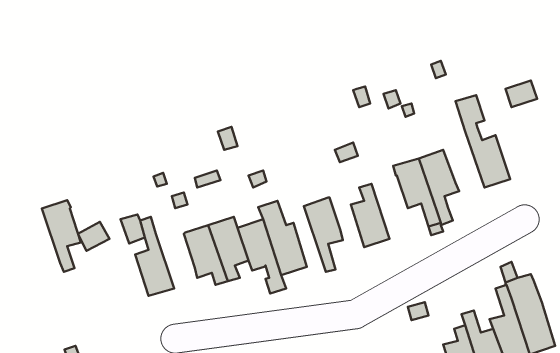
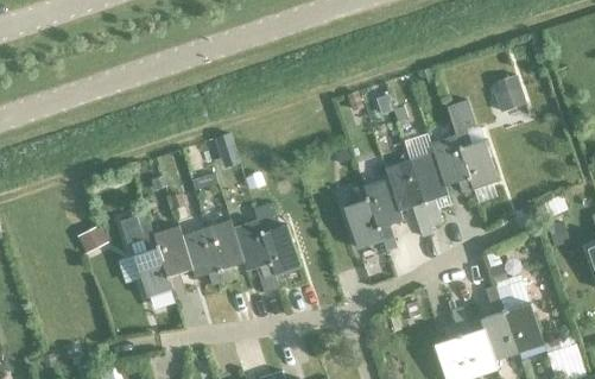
building: none -> [430,134,474,192]
building: [304,198,343,272] -> [363,177,401,249]
building: [42,200,81,272] -> [153,226,191,296]

